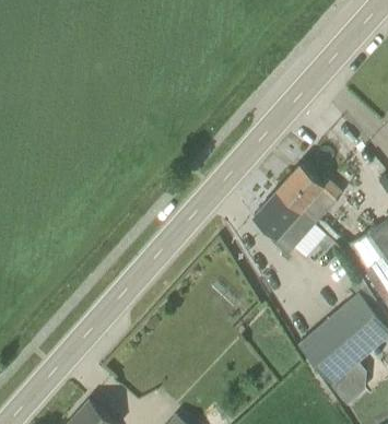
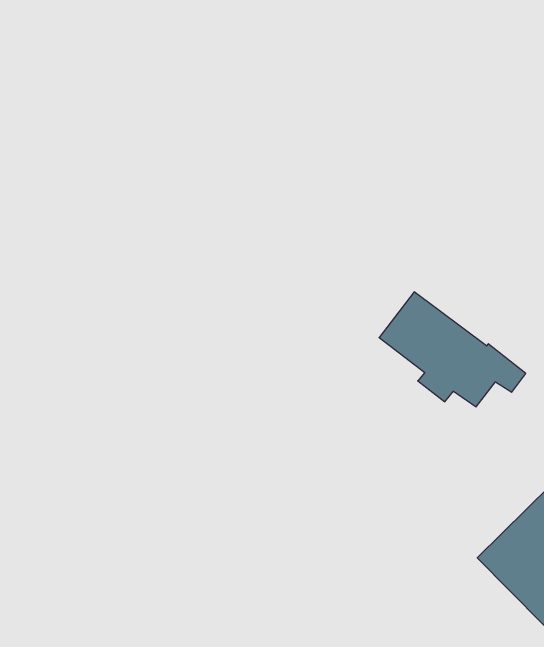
building: [275,164,343,224] -> none

